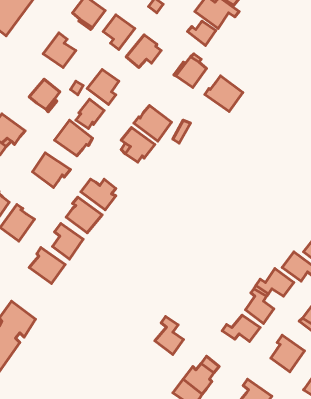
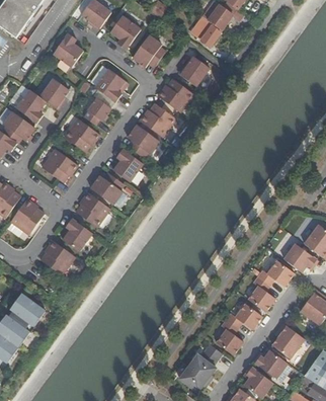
building: [205,76,243,112] -> [158,78,194,112]
building: none -> [16,89,47,123]
building: none -> [113,149,144,181]
building: [155,316,183,354] -> [215,320,242,356]
building: none -> [252,350,288,380]

